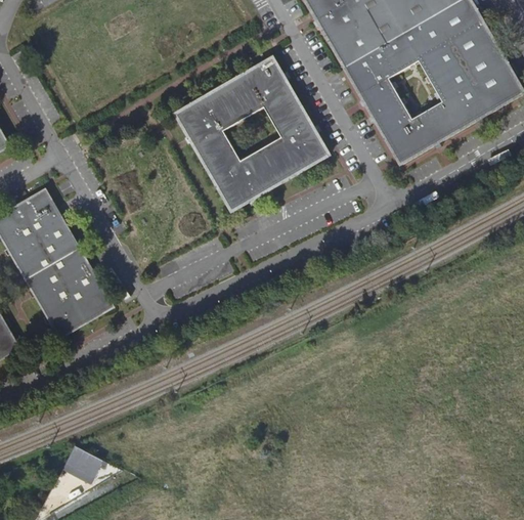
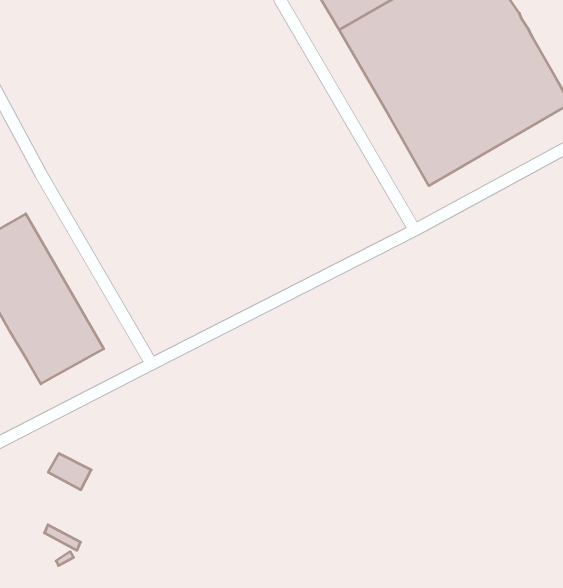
building: [174,56,330,212] -> none
building: [64,445,102,477] -> [48,454,91,490]

